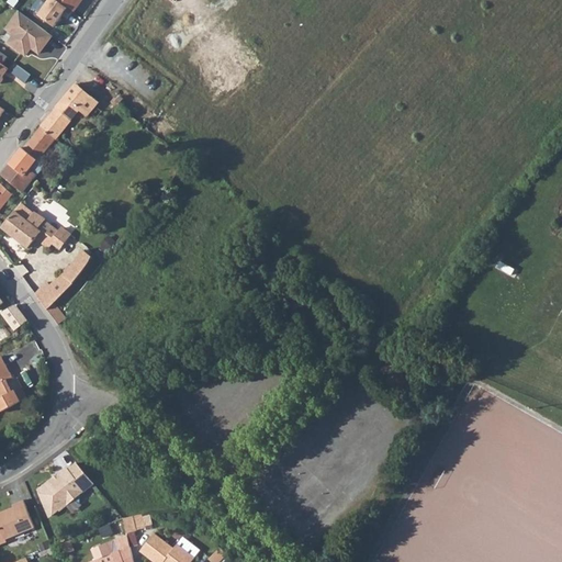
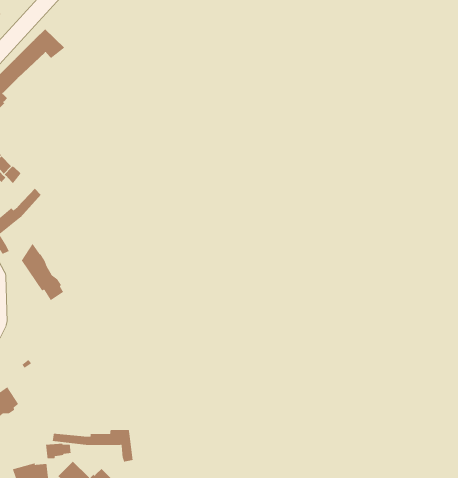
building: none -> [21,242,64,301]
building: none -> [52,429,134,463]

